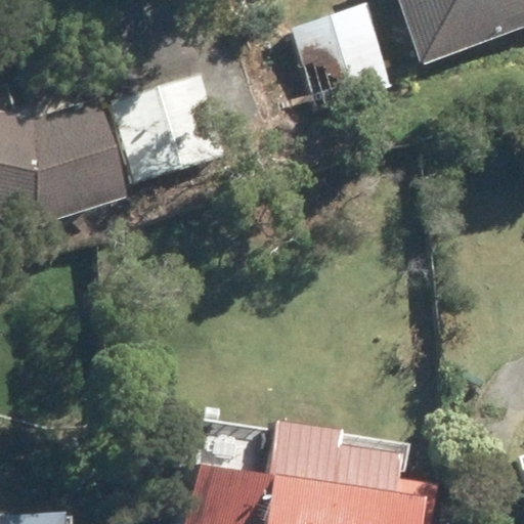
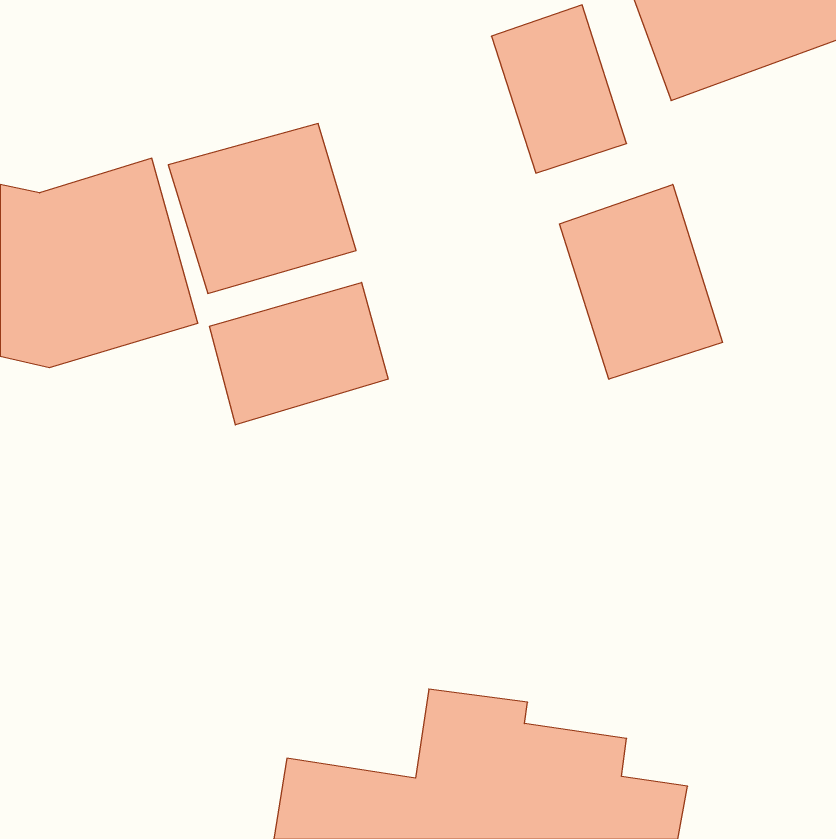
building: none -> [559,184,722,379]
building: none -> [209,282,388,425]

